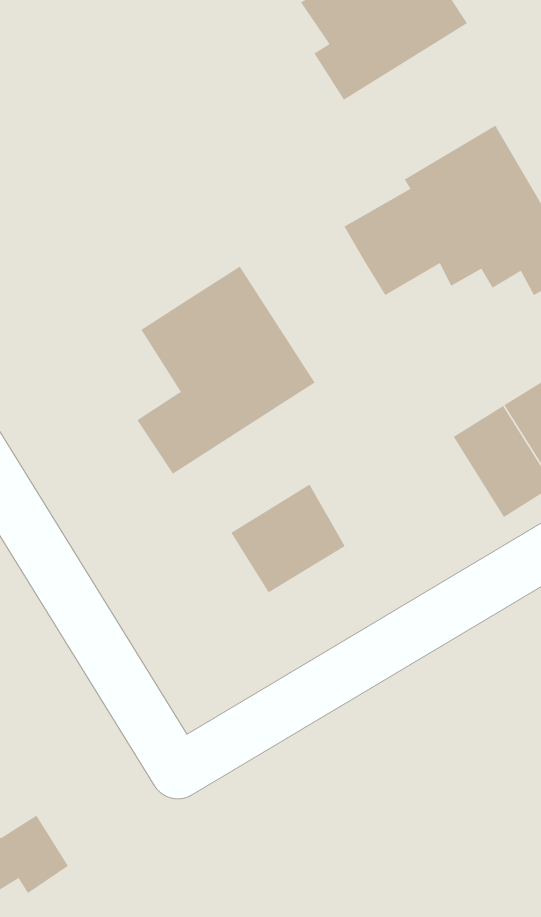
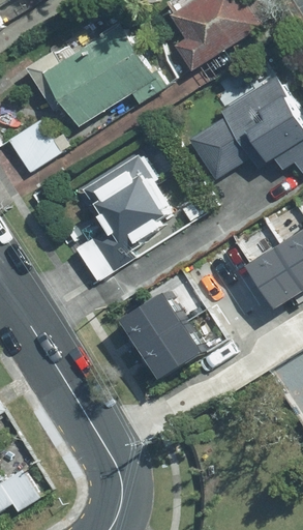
building: none -> [37,26,159,134]
building: none -> [8,121,67,174]
building: none -> [150,318,208,370]

